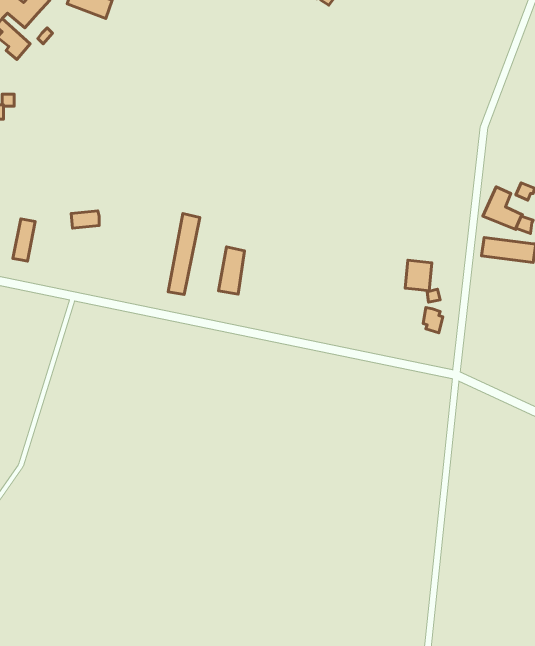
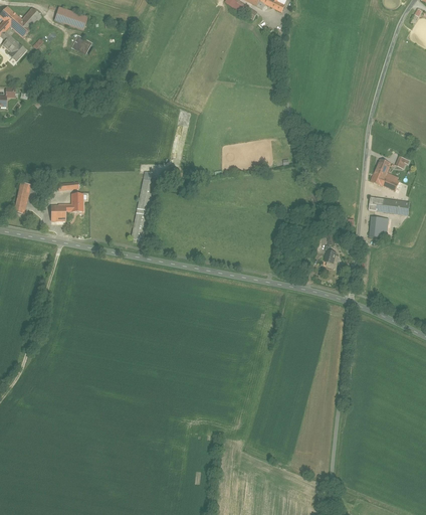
building: none -> [50,192,83,220]
building: [218,247,245,294] -> none
building: [405,260,432,291] -> [369,215,389,238]

